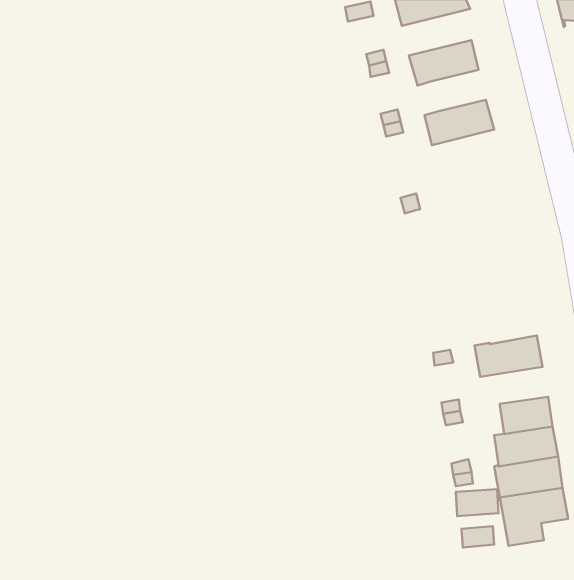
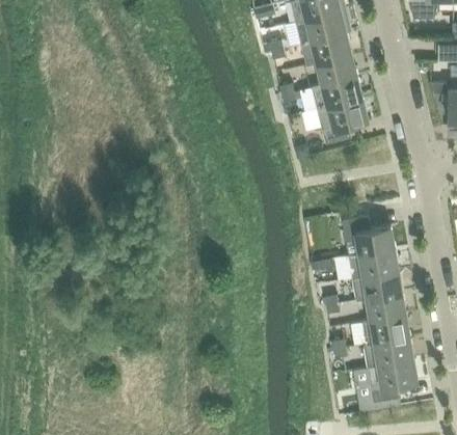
building: none -> [295,9,348,44]
building: none -> [317,54,356,84]
building: none -> [317,98,368,144]
building: none -> [342,216,394,254]
building: none -> [352,271,402,301]

